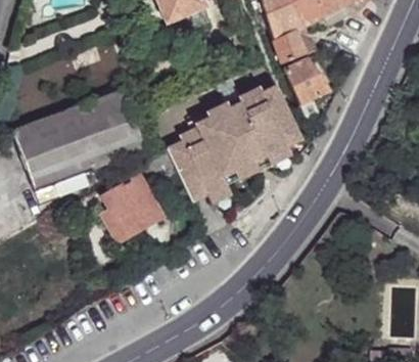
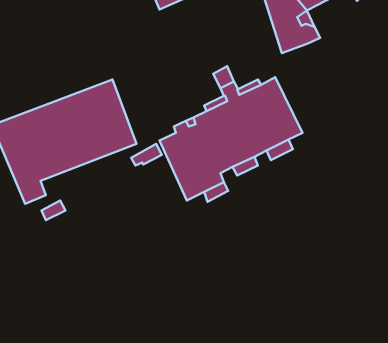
building: [282,58,327,116] -> none
building: [102,175,161,241] -> none

